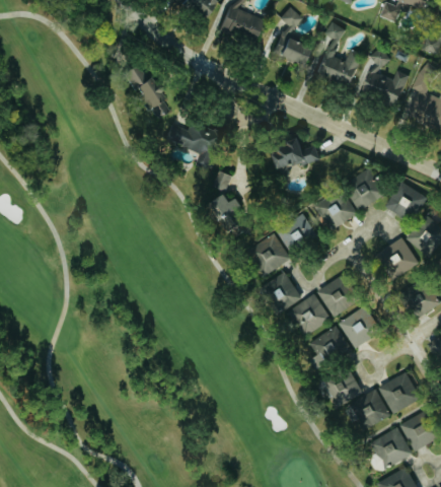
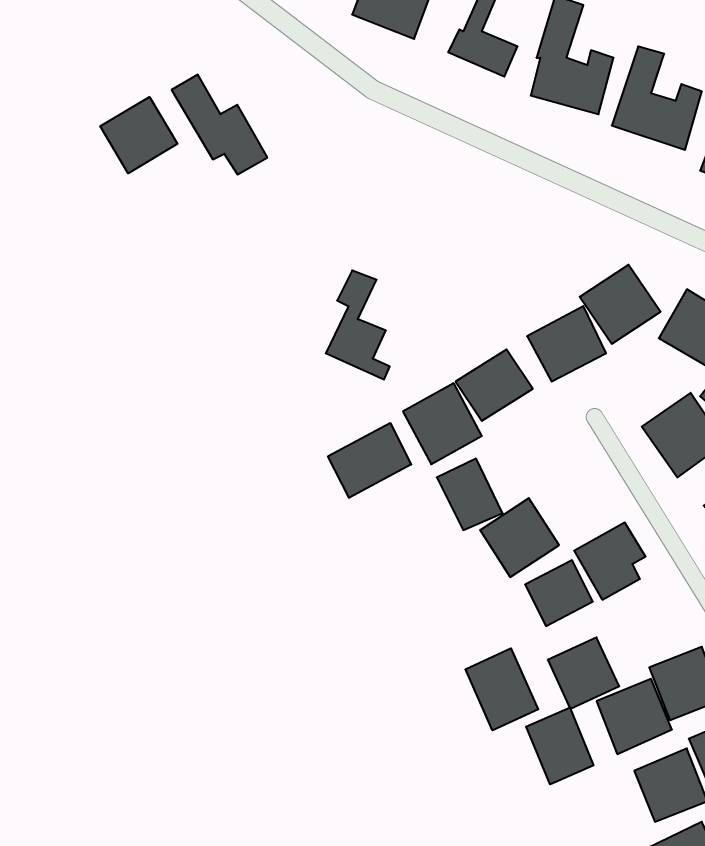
building: none -> [100,97,177,173]
building: [170,120,216,165] -> none
building: [271,141,319,166] -> none
building: none -> [328,423,411,498]
building: [318,279,356,317] -> none
building: none -> [465,648,538,730]
building: none -> [526,708,594,784]

